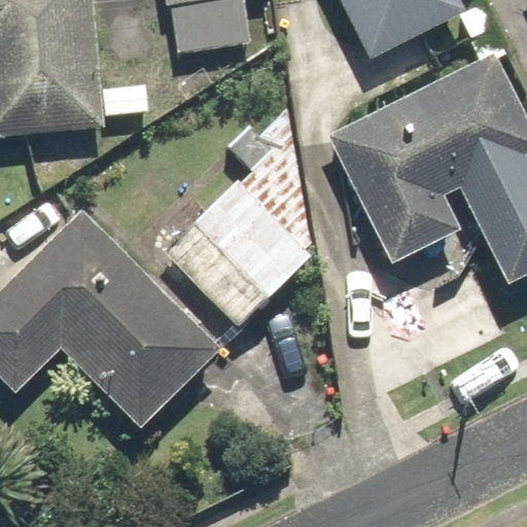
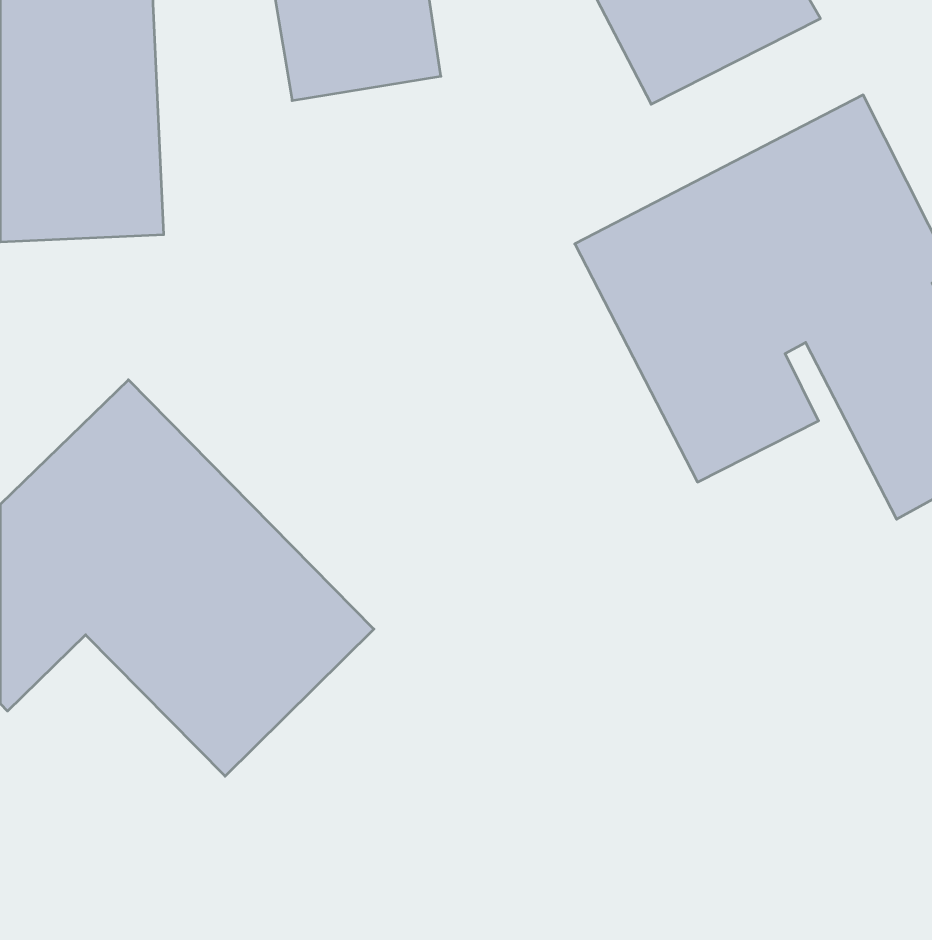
building: [172,109,311,320] -> none

